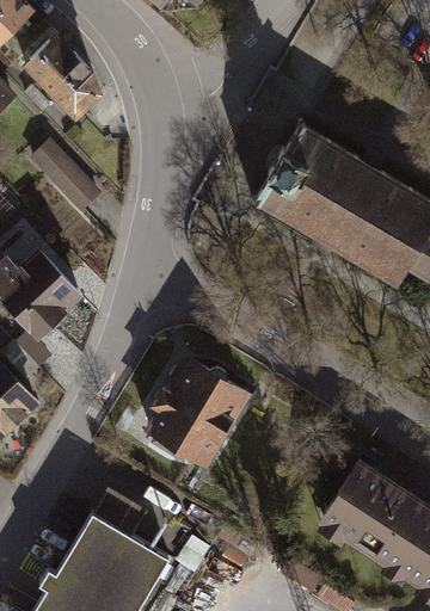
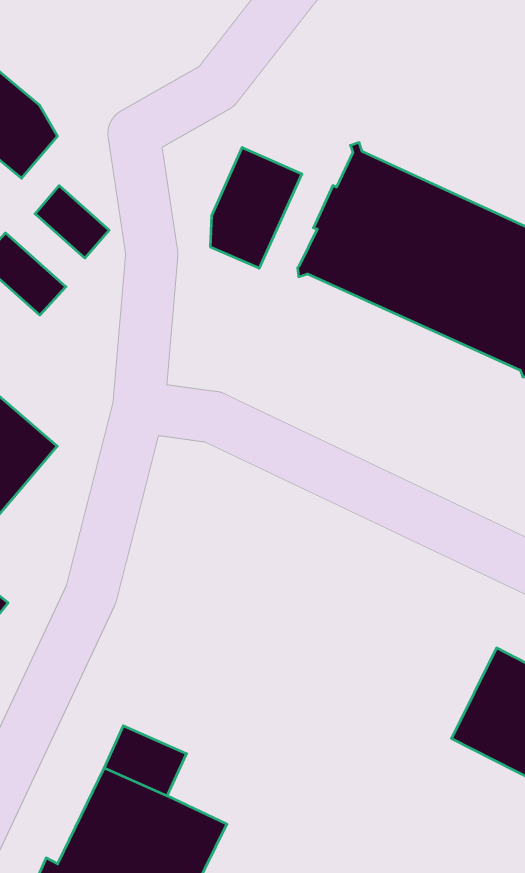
building: none -> [211,147,302,268]
building: none -> [35,186,109,258]
building: [149,360,244,459] -> none

